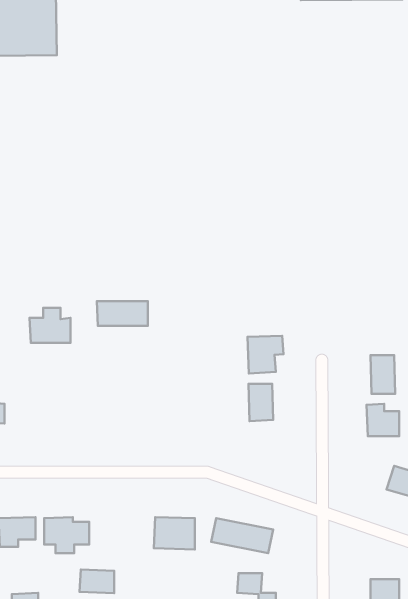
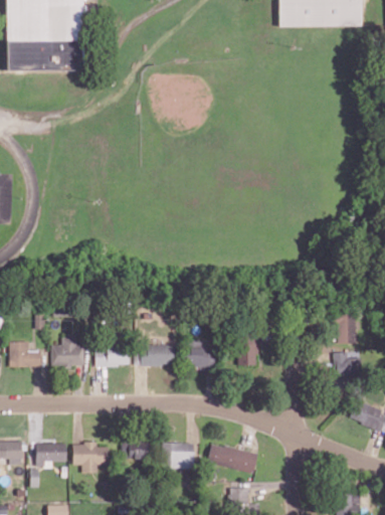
building: [97,301,148,326] -> [135,345,176,365]
building: [30,308,71,343] -> [51,337,84,365]
building: [248,336,284,373] -> none
building: none -> [185,341,216,367]
building: none -> [95,347,130,366]
building: [79,570,114,593] -> [122,441,150,460]

